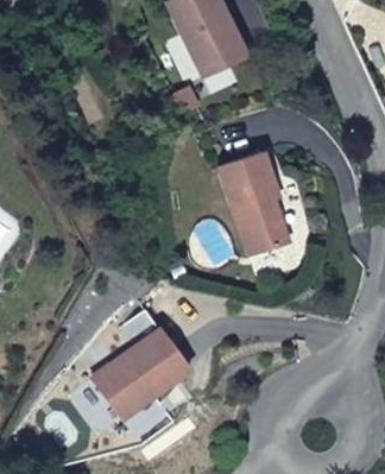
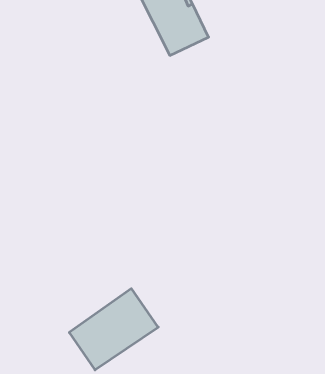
building: [220,154,289,258] -> none

